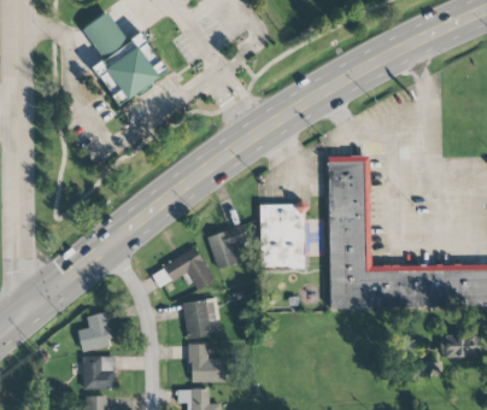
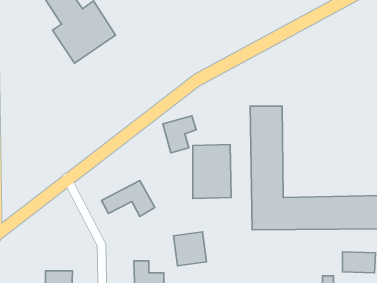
building: [207,224,247,269] -> [163,116,196,153]
building: [182,298,222,339] -> [173,232,207,266]
building: [78,312,111,350] -> none

